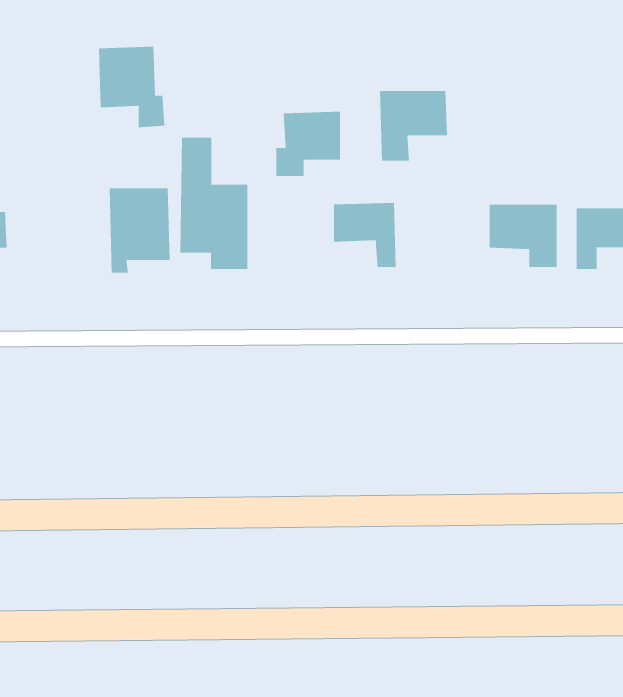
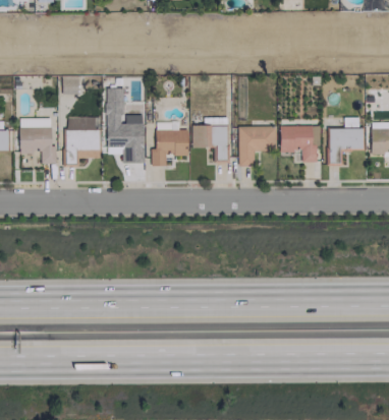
building: [98,46,165,128] -> [19,118,57,164]
building: [379,91,448,161] -> [238,126,277,166]
building: [276,111,341,177] -> [152,129,188,166]

